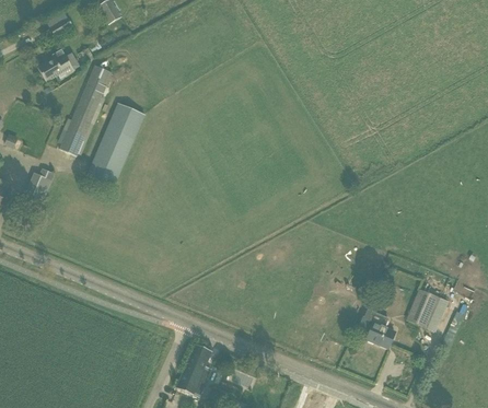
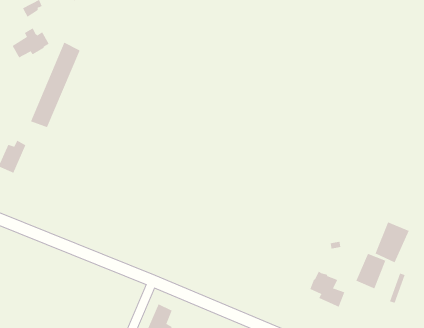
building: [85,102,144,188] -> none
building: none -> [375,222,409,263]

